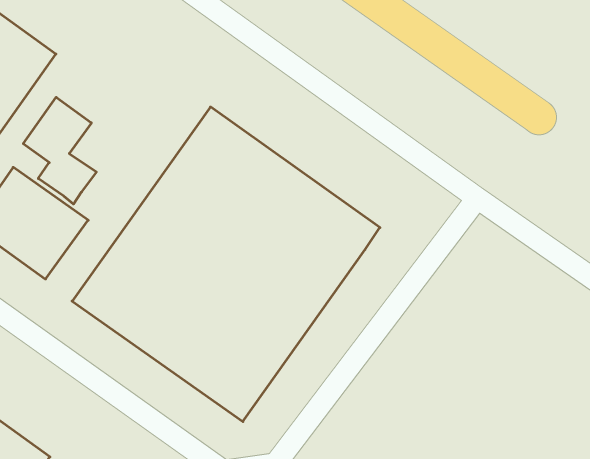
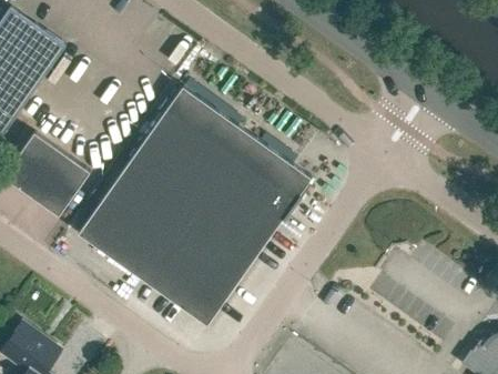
building: [23,97,96,204] -> none

